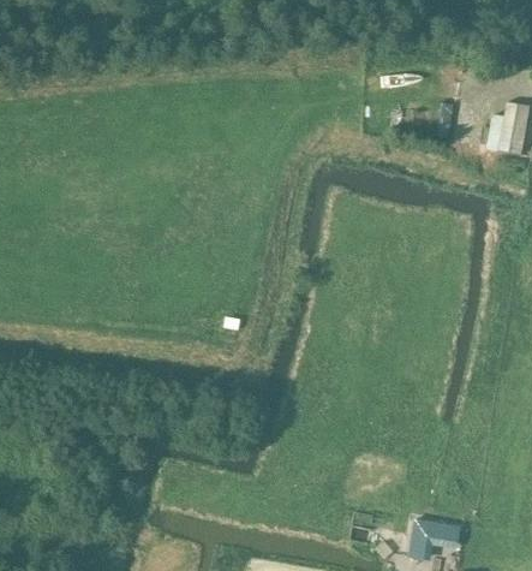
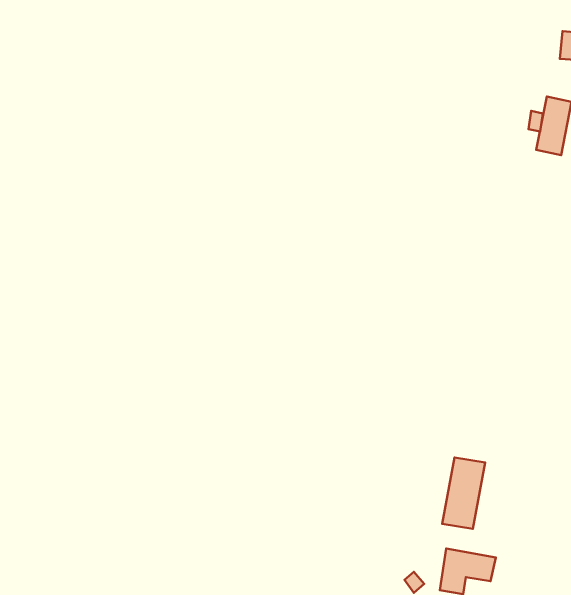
building: none -> [442,457,485,529]

